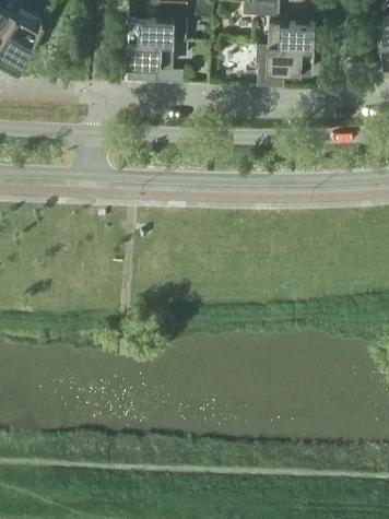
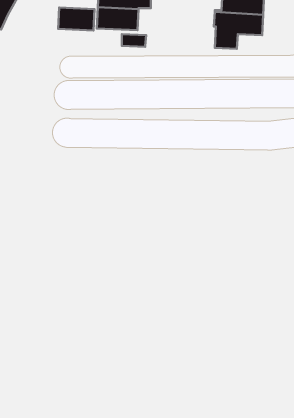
building: none -> [58,7,95,30]

